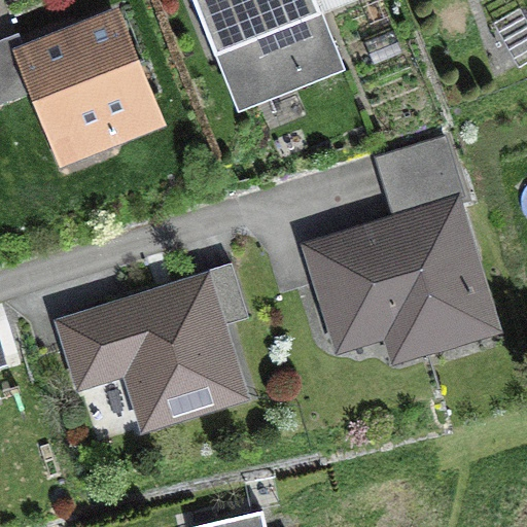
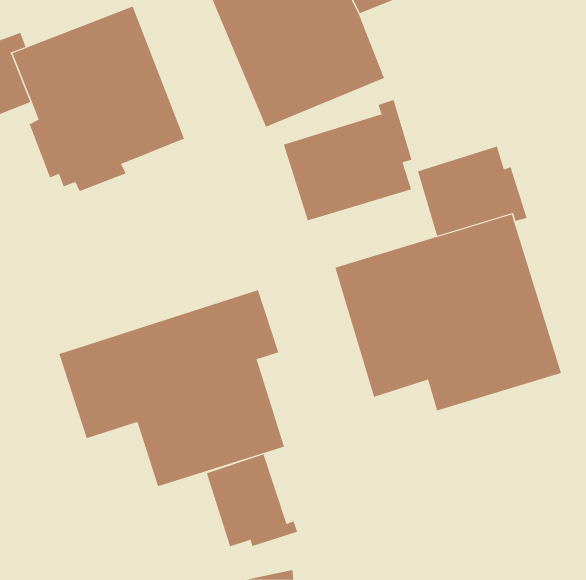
building: none -> [283,99,412,221]
building: none -> [206,453,298,547]

